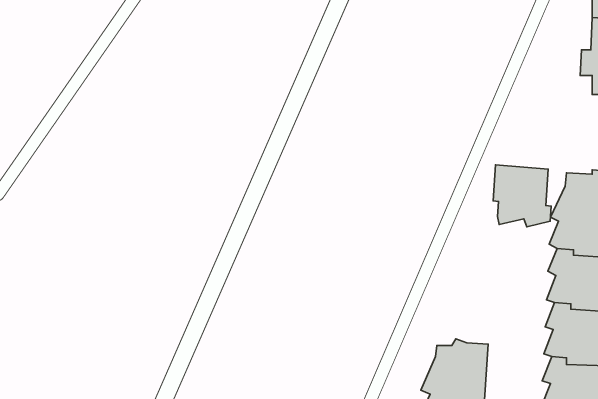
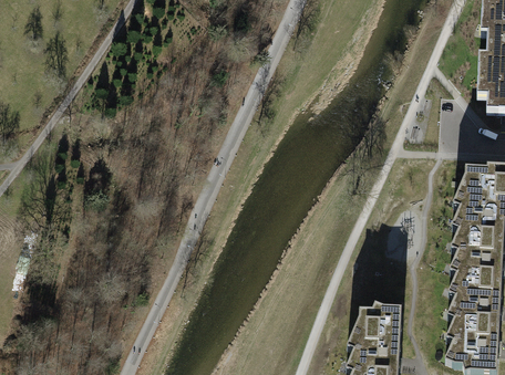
building: [493,165,551,227] -> none

